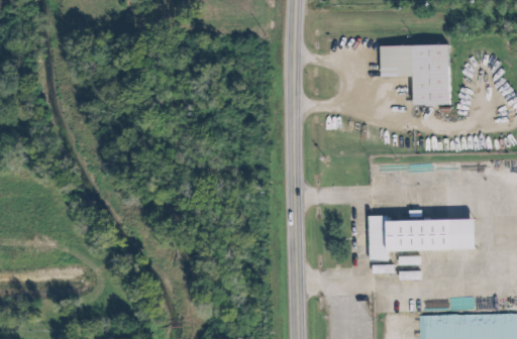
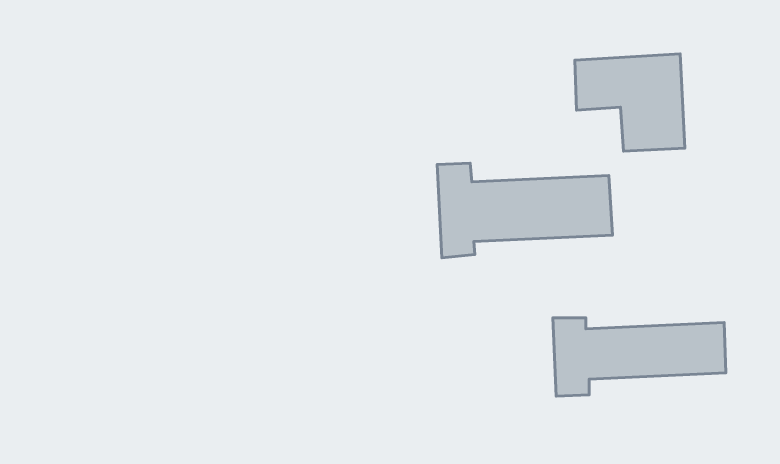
building: none -> [437,163,612,258]

